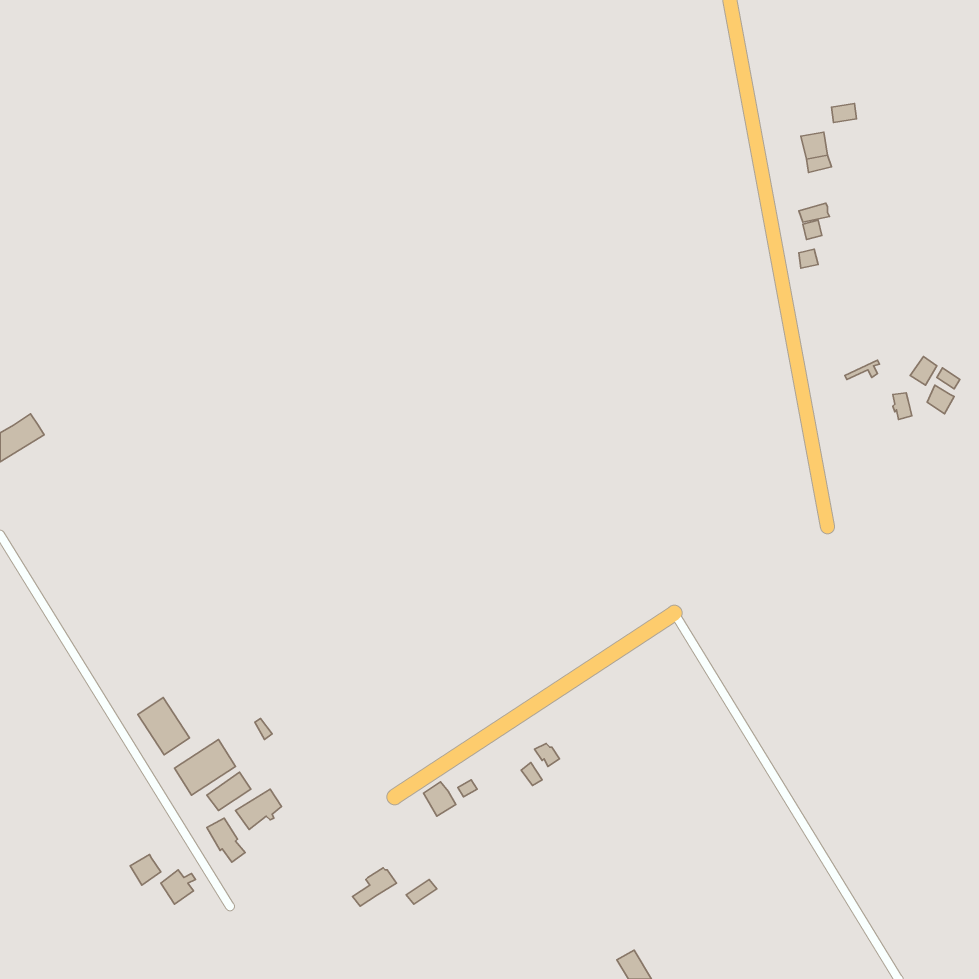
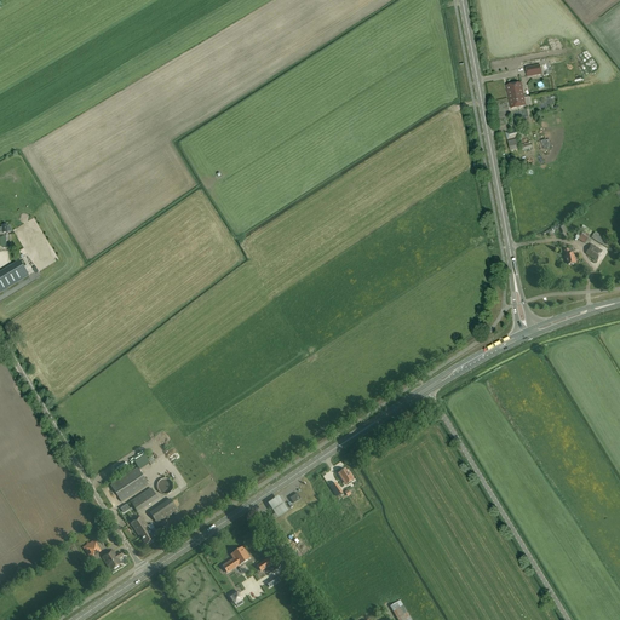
building: [138,698,190,755] -> none

